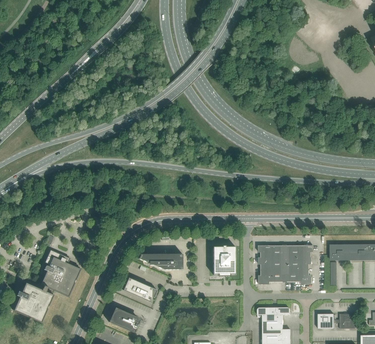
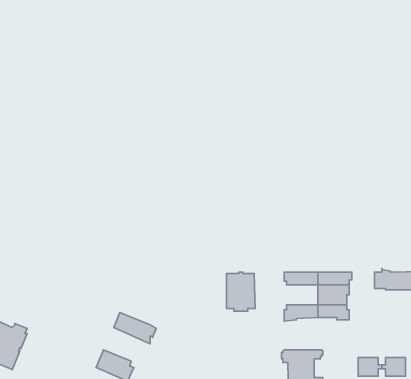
building: [41,249,81,297] -> none
building: [139,253,183,269] -> none
building: [259,255,286,271] -> none

